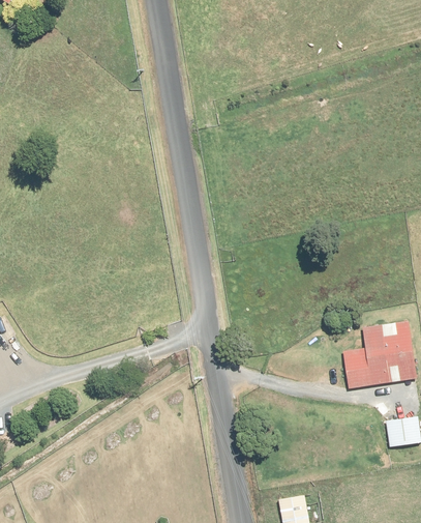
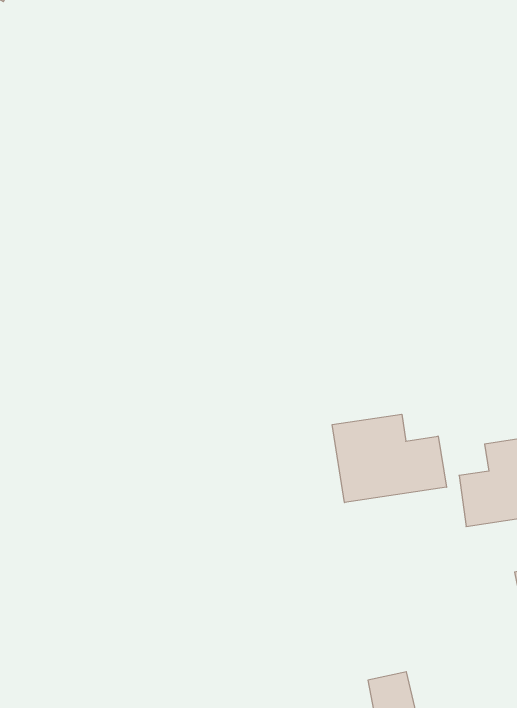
building: none -> [332,414,447,503]

